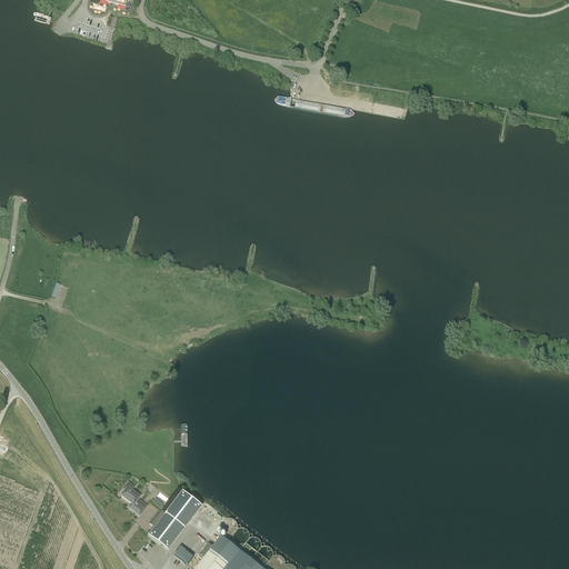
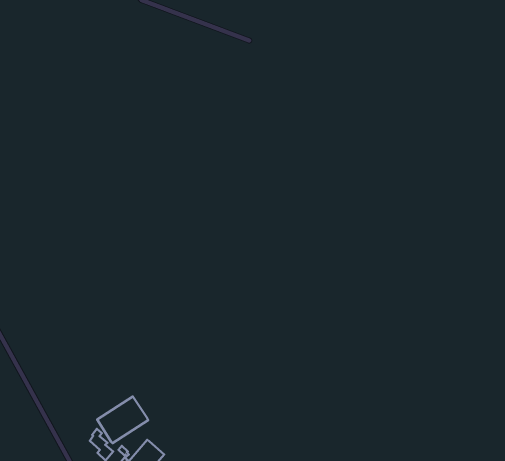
building: none -> [97,397,148,443]

